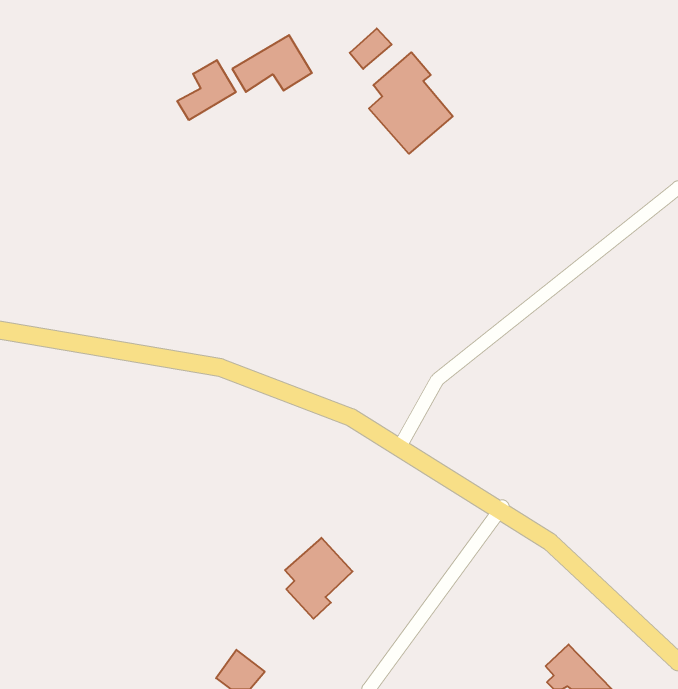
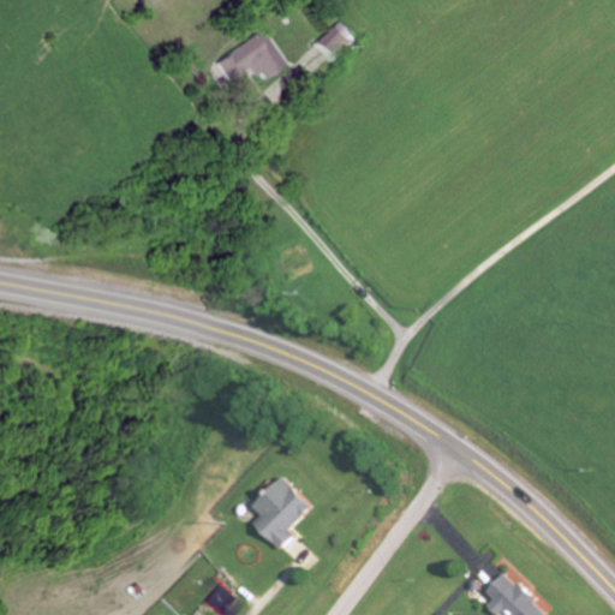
building: [369,52,453,154] -> none
building: [177,60,236,120] -> none

